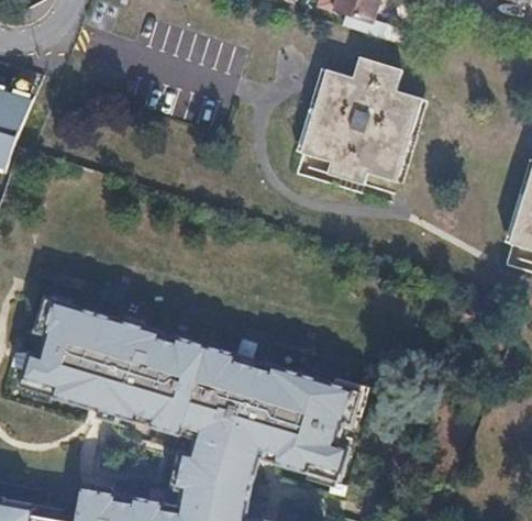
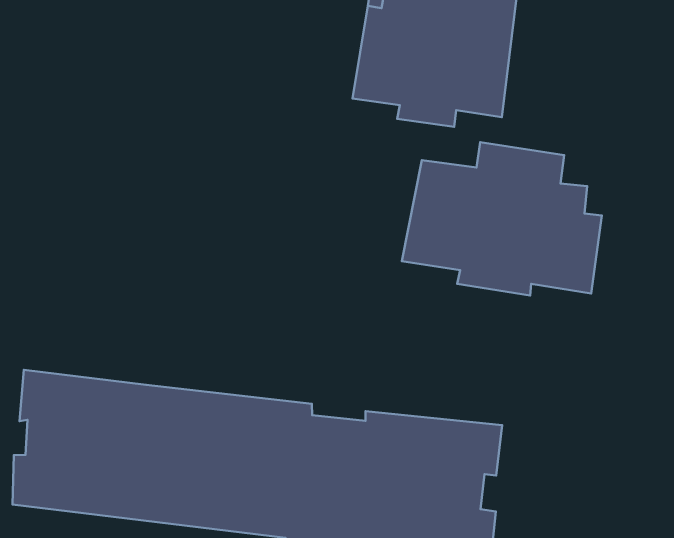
building: none -> [402,142,602,295]

